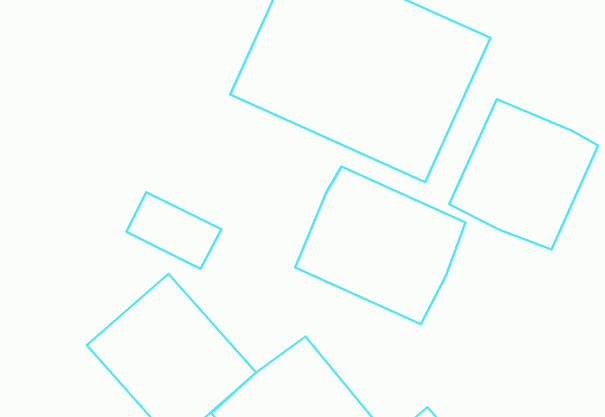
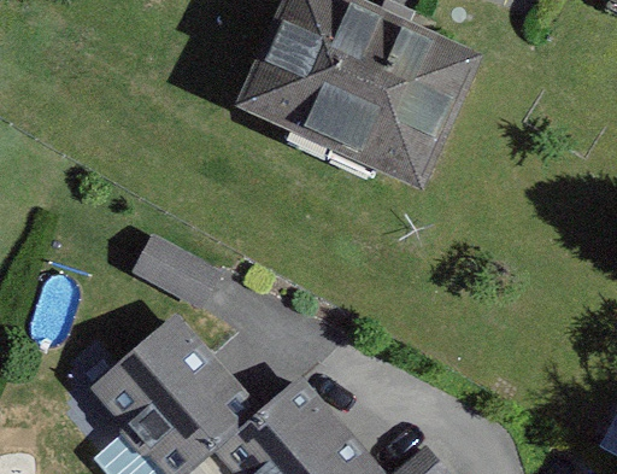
building: [449,99,598,250] -> none
building: [295,167,465,324] -> none

